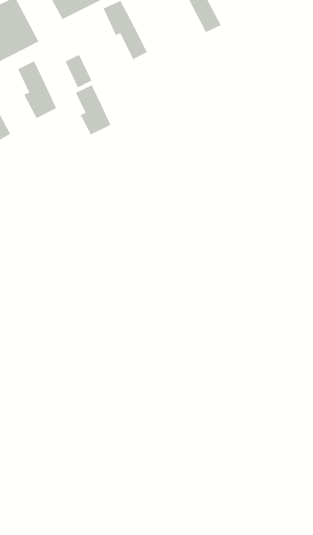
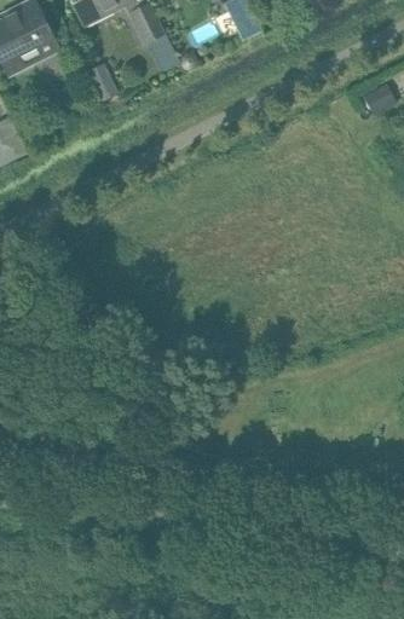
building: [17,60,57,119] -> none
building: [75,84,111,136] -> none

